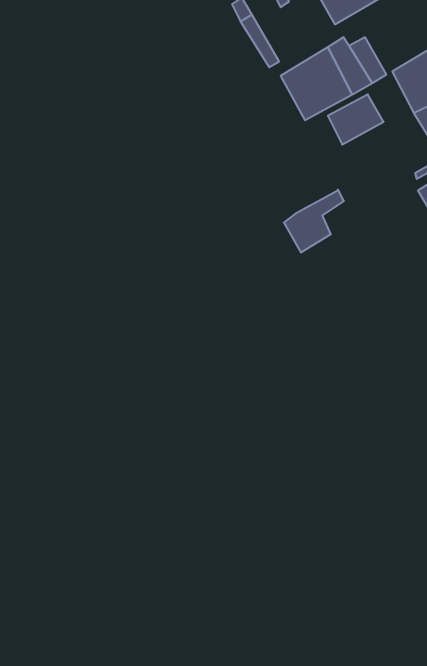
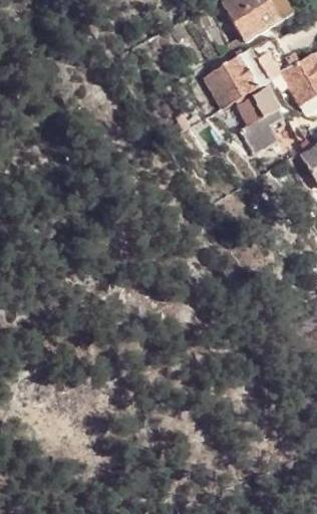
building: [284,190,344,253] -> [242,107,284,152]

